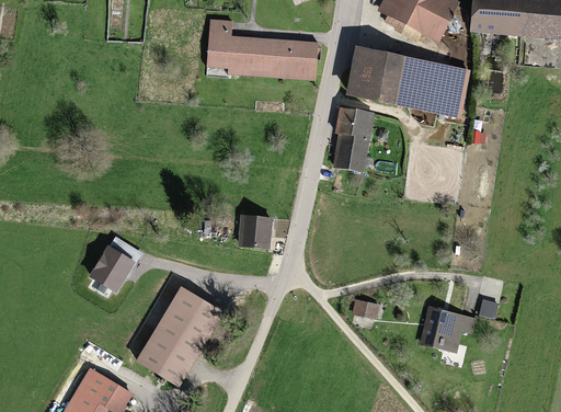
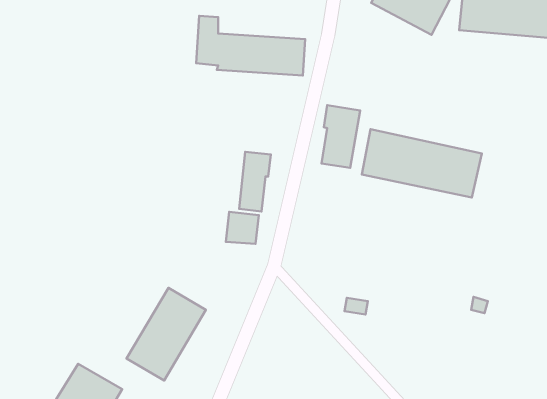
building: [352,46,471,114] -> [362,129,482,197]
building: none -> [239,152,271,212]
building: [89,234,142,289] -> none
building: [423,306,476,347] -> none

